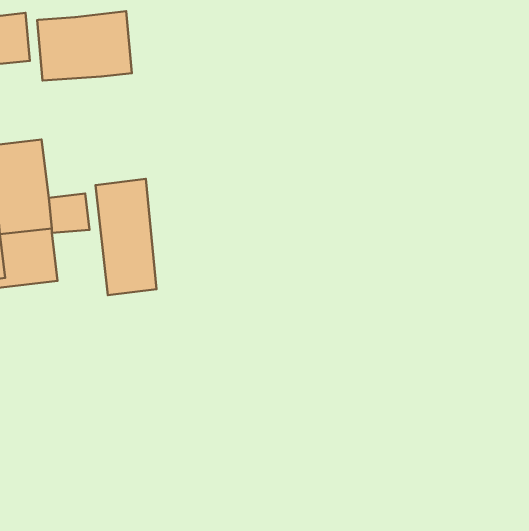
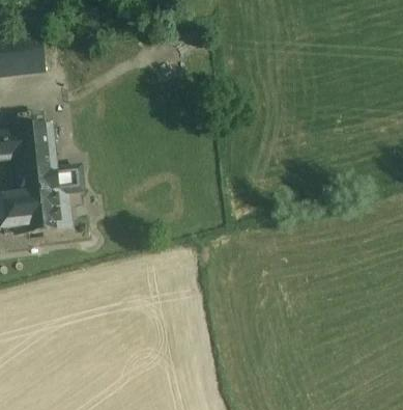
building: [37,11,132,81] -> none
building: [96,179,157,295] -> none

